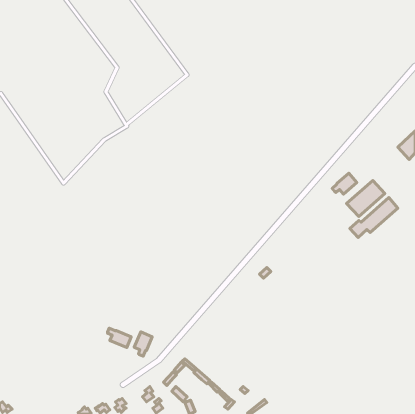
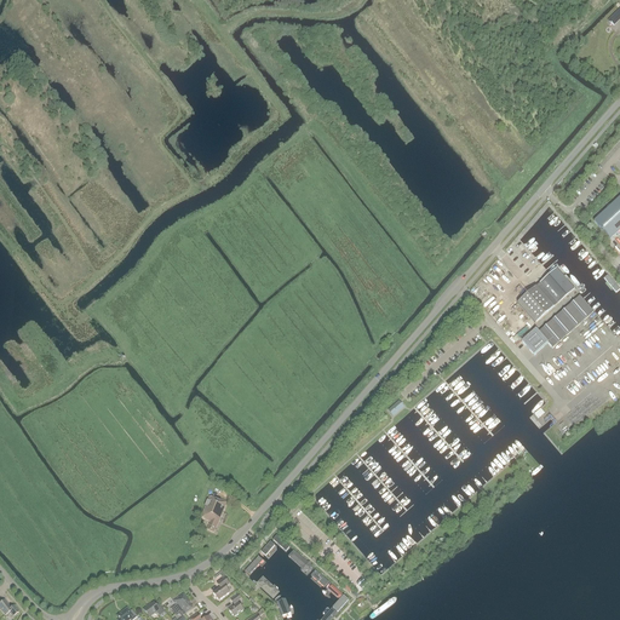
building: [332,173,357,194] -> none
building: [108,328,131,348] -> none

